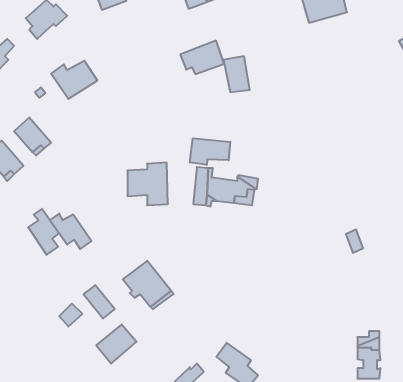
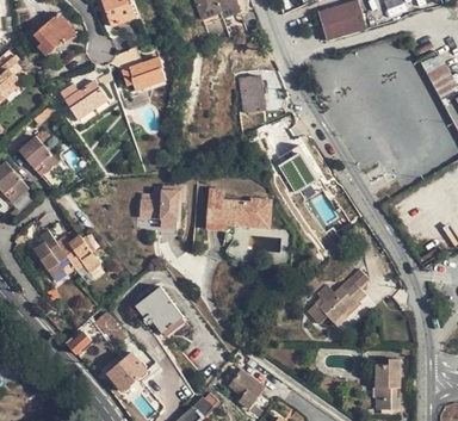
building: [180,41,224,74] -> [122,55,167,89]
building: [190,138,230,165] -> none
building: none -> [310,266,369,324]

